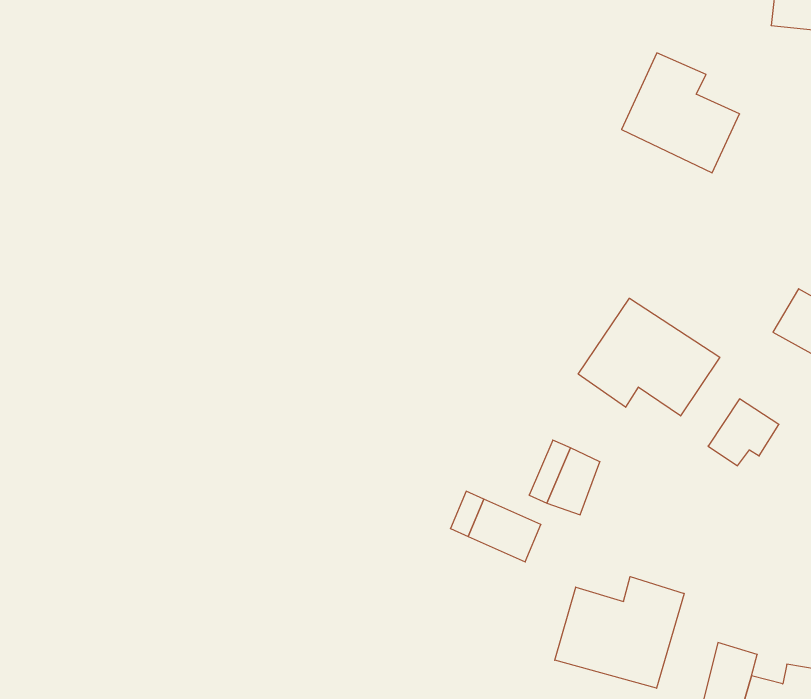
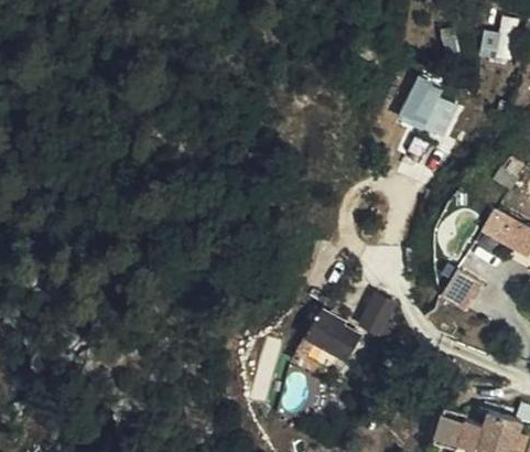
building: [578,298,720,416] -> none
building: [555,577,684,688] -> none

